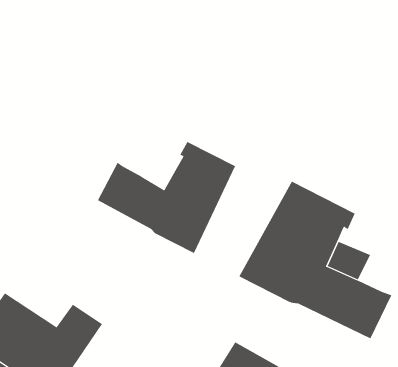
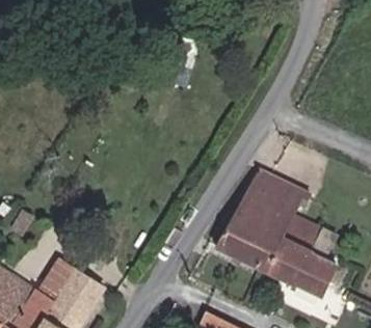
building: [97,141,236,254] -> none

